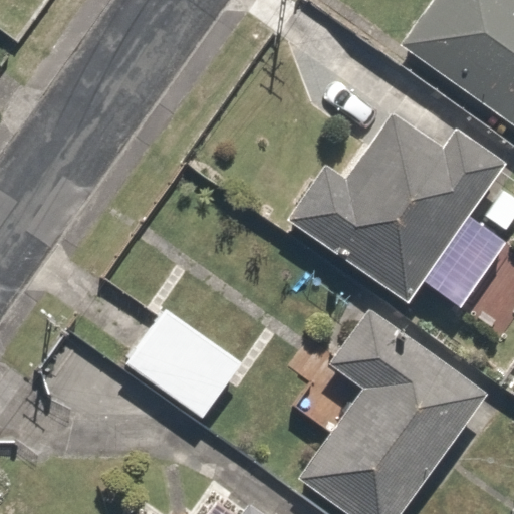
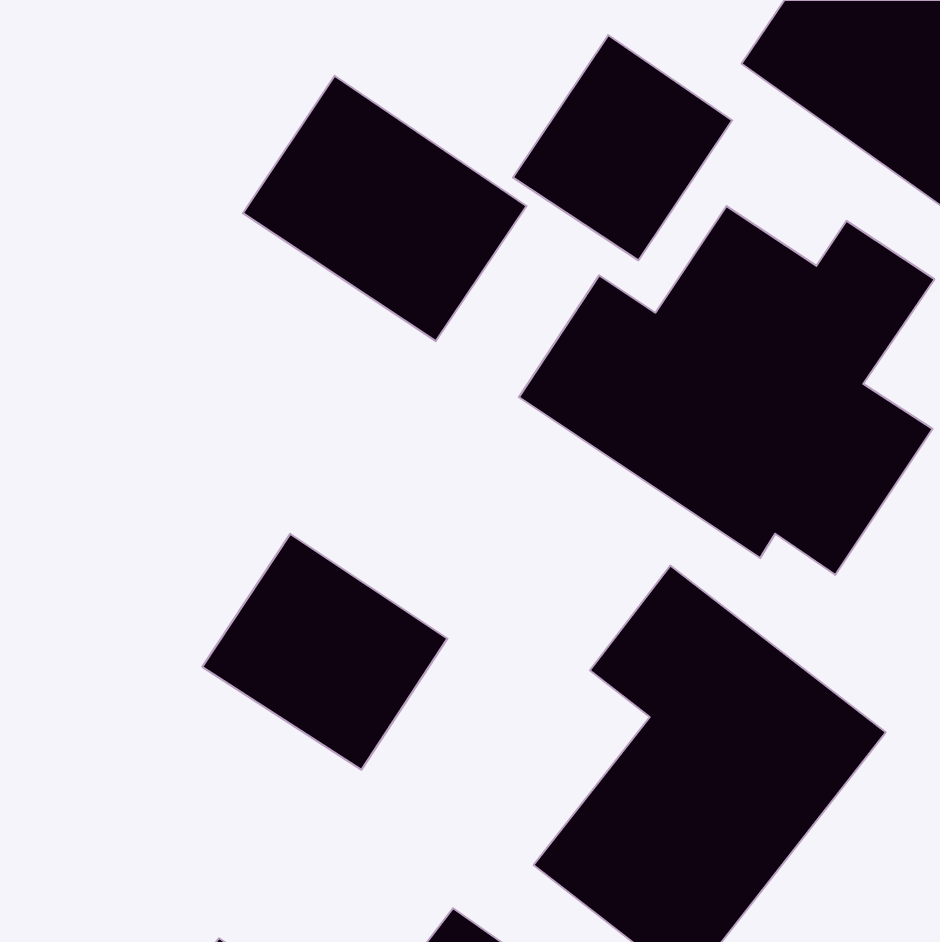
building: none -> [513,35,732,260]
building: none -> [243,76,527,341]

